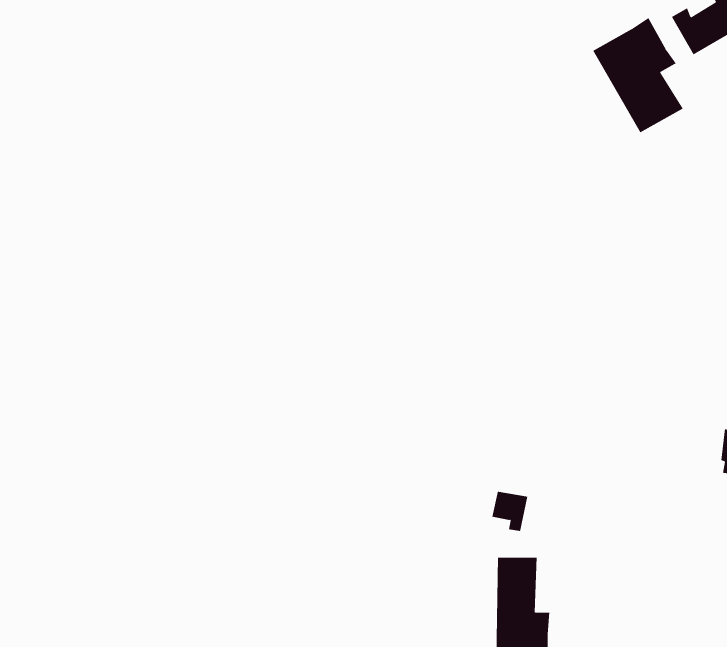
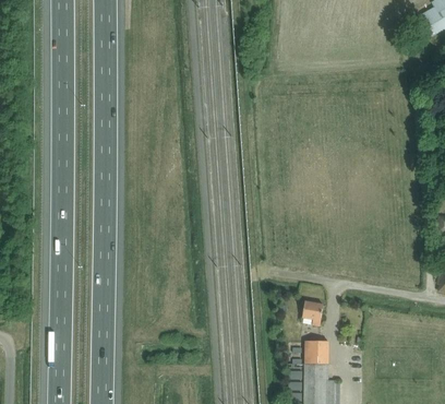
building: [592,17,683,133] -> none

